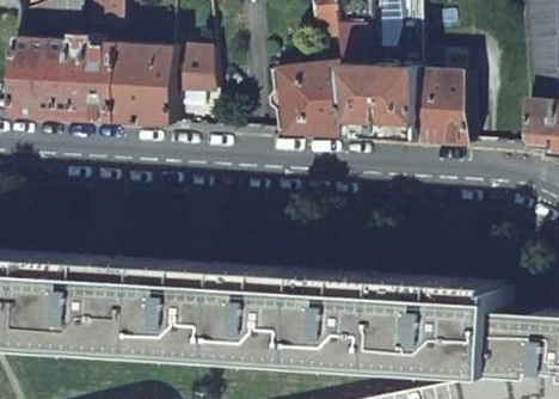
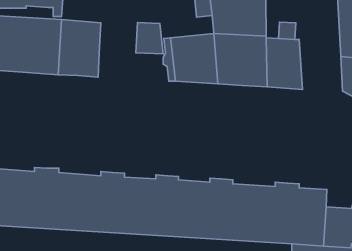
building: [177,45,216,91] -> [136,23,163,54]

